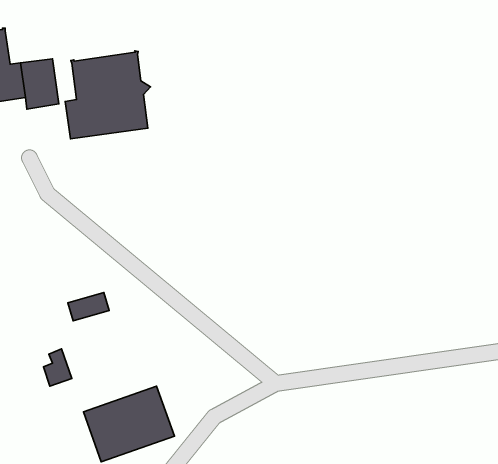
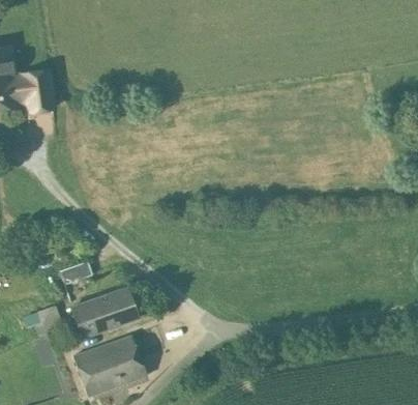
building: [65,51,150,139] -> none
building: none -> [70,287,138,337]

